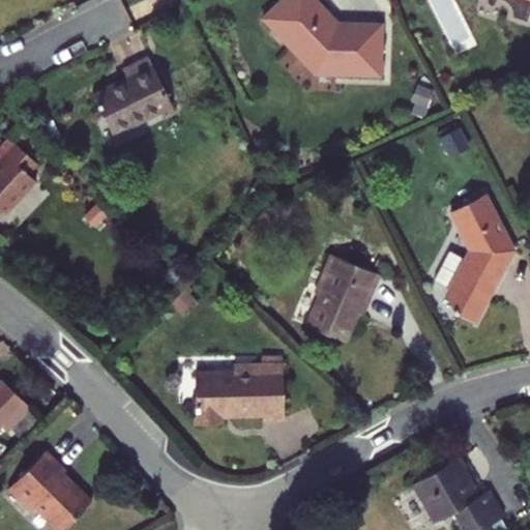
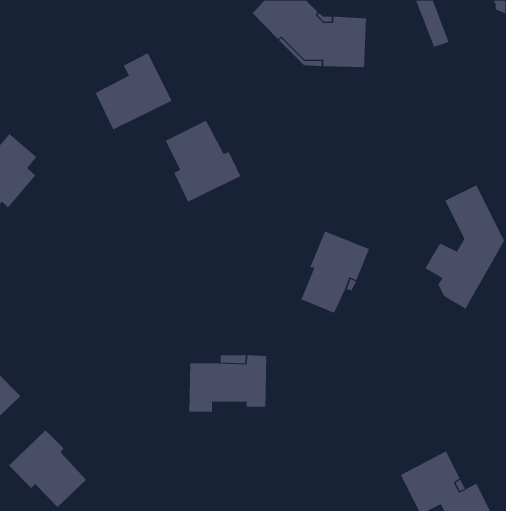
building: none -> [165,120,241,203]

